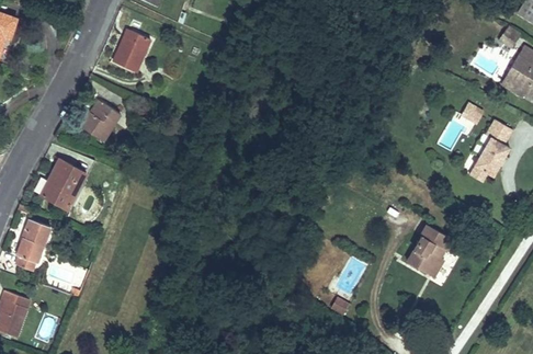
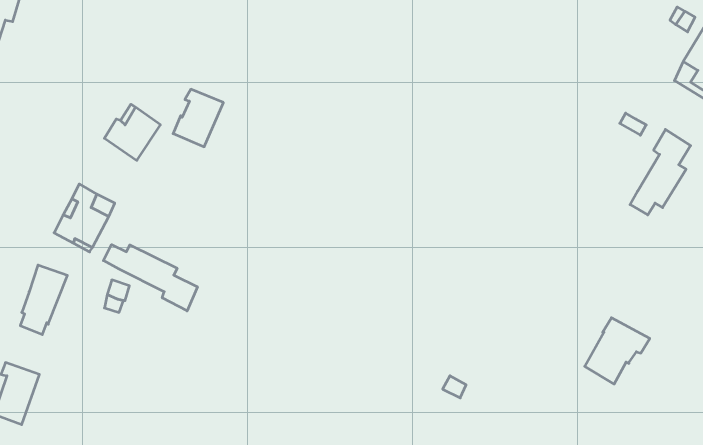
building: [114,30,151,72] -> [173,89,223,147]
building: none -> [103,245,197,311]
building: [407,226,455,275] -> [585,318,650,384]

